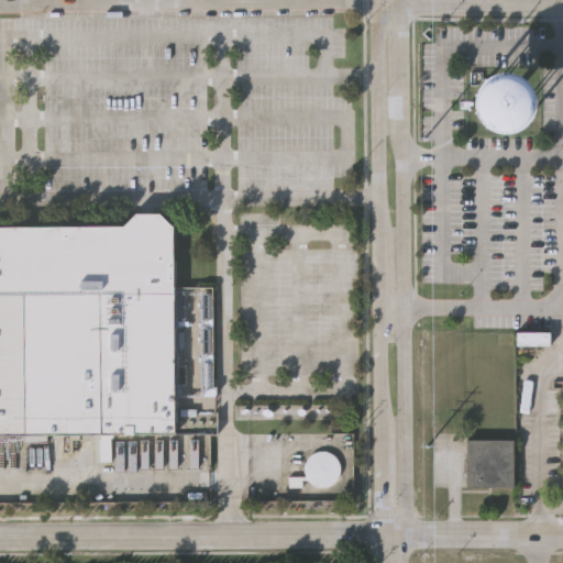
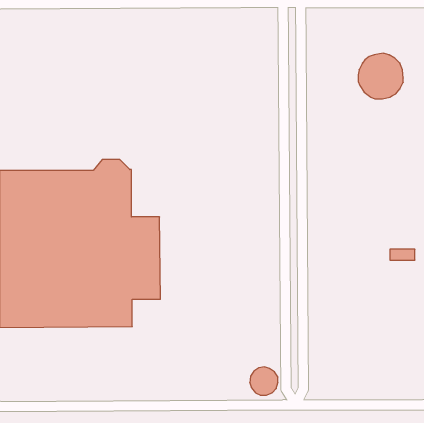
building: [466,440,512,488] -> none
building: [299,450,336,487] -> [250,367,278,395]

